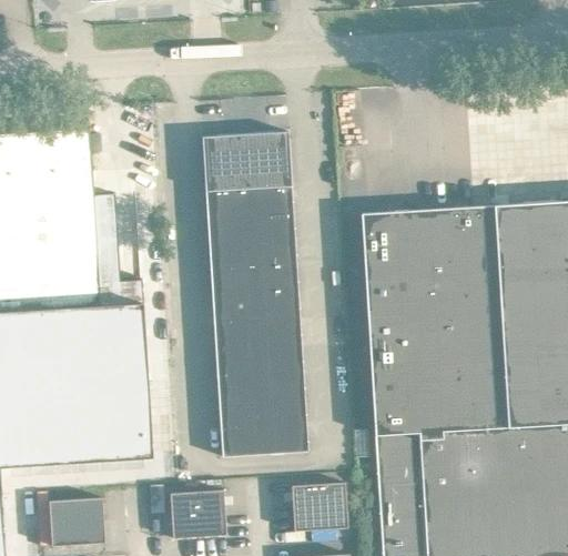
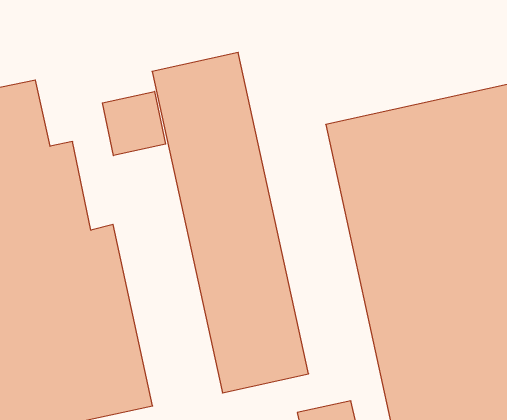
building: none -> [102,91,166,156]

